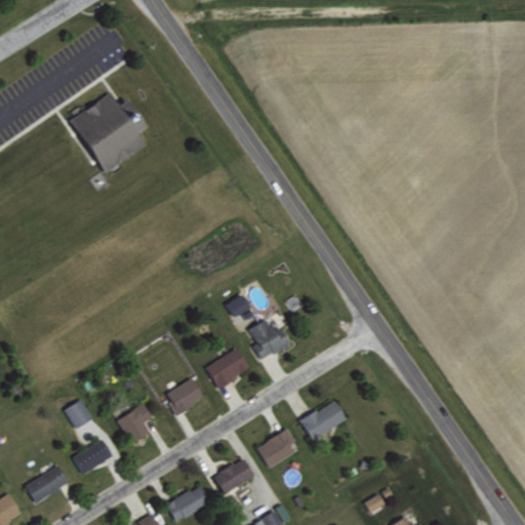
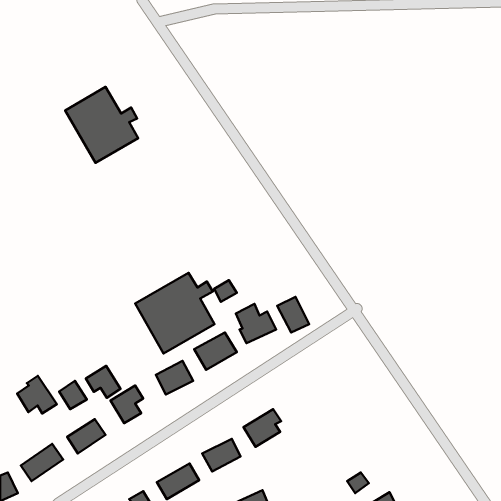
building: none -> [135,273,215,353]
building: none -> [277,297,309,333]
building: none -> [86,366,120,398]
building: none -> [17,376,57,413]
building: [300,400,346,440] -> none

